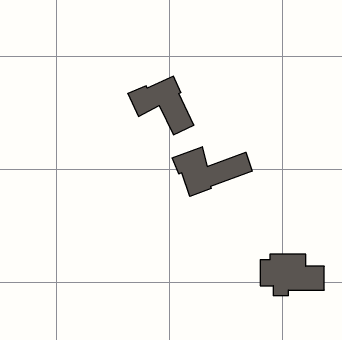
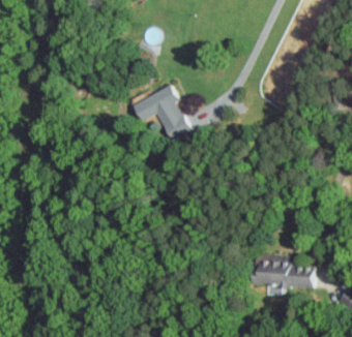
building: [172,147,252,196] -> none

